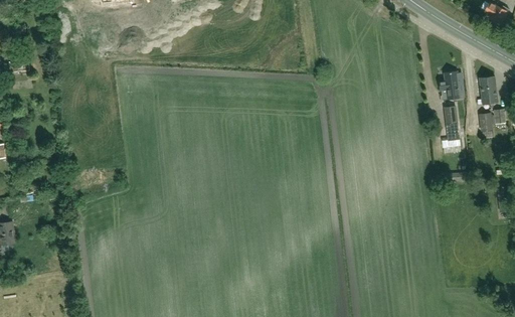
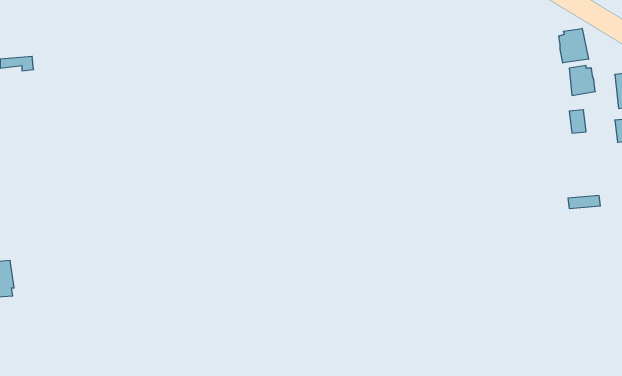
building: none -> [559,28,589,63]

